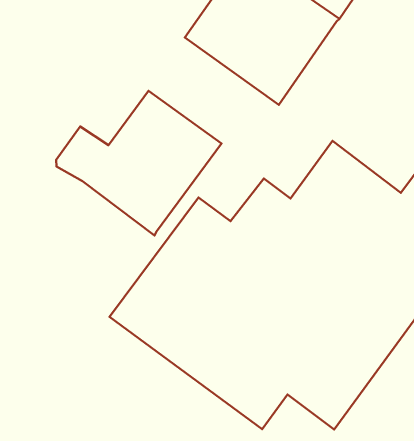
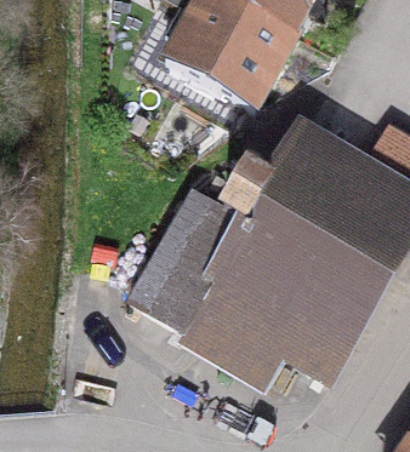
building: [56,91,221,235] -> none

